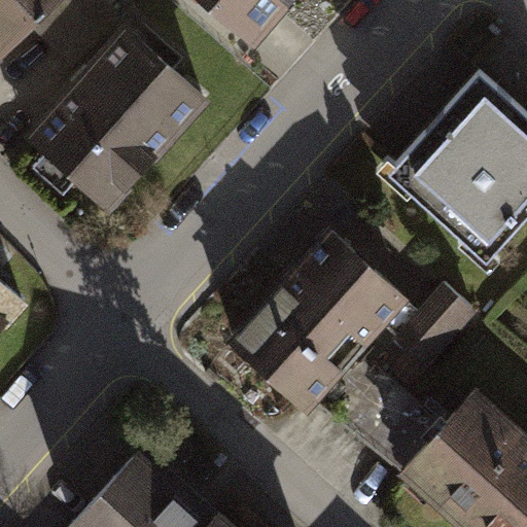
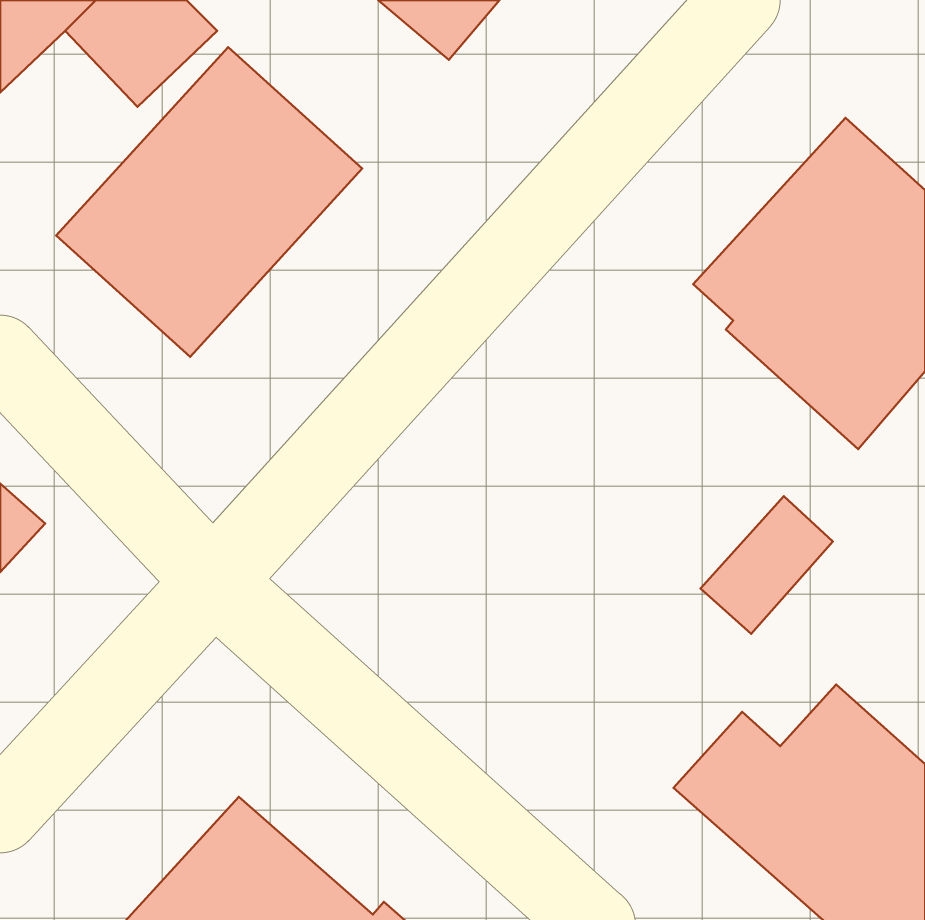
building: [235,234,422,451] -> none

